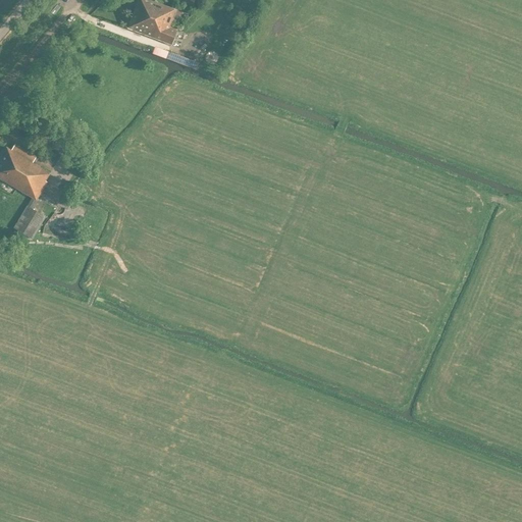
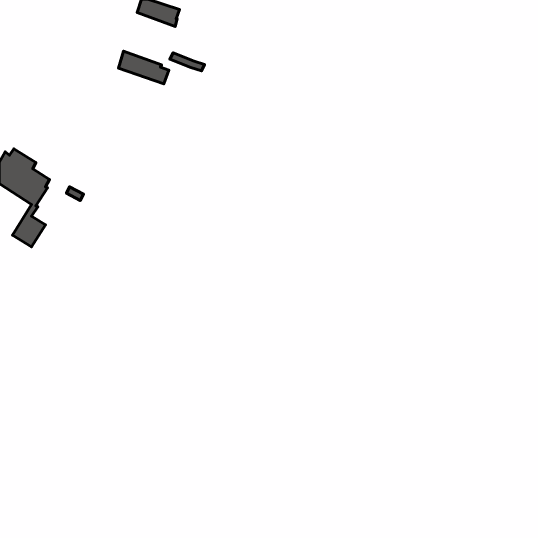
building: [127,12,176,44] -> [118,51,169,84]

